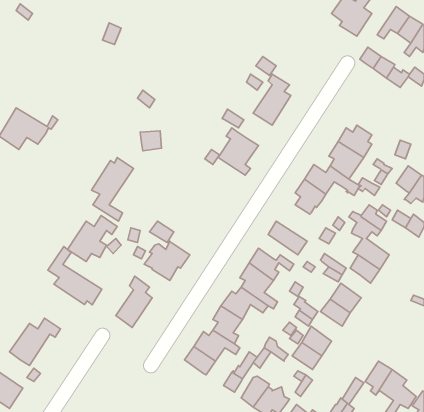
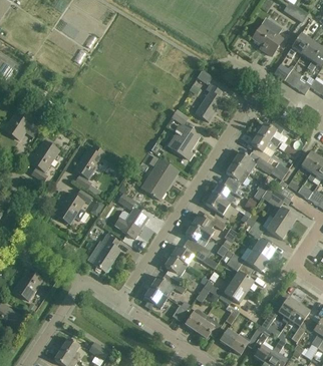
building: none -> [30,140,59,180]
building: none -> [141,155,179,200]
building: none -> [212,180,244,205]
building: [48,246,102,305] -> none

